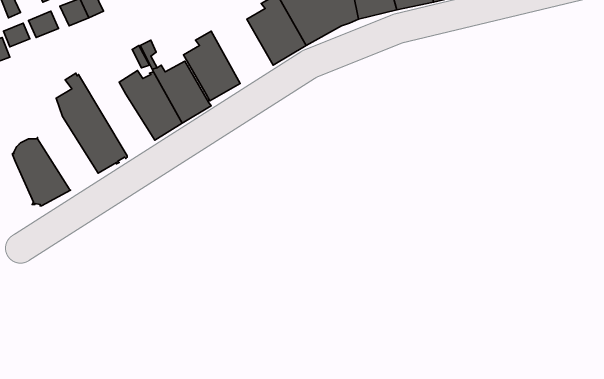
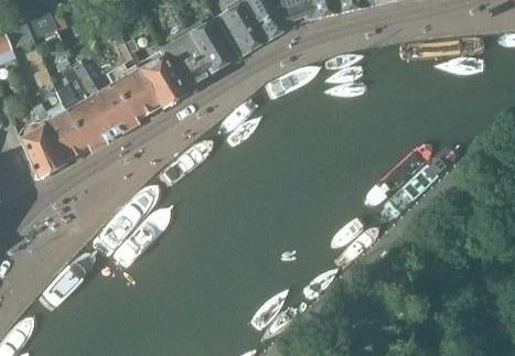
building: none -> [184,20,236,74]
building: none -> [73,62,137,134]
building: none -> [33,101,89,162]

